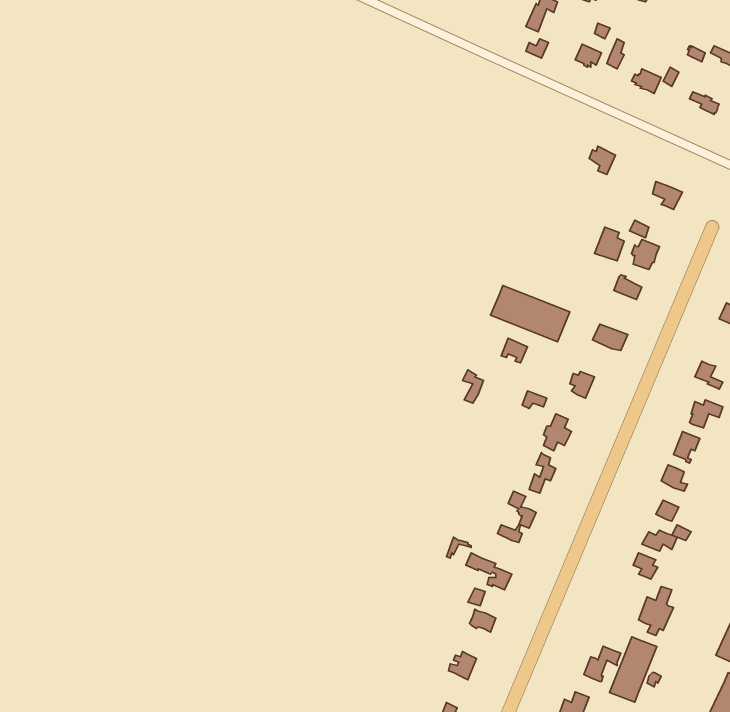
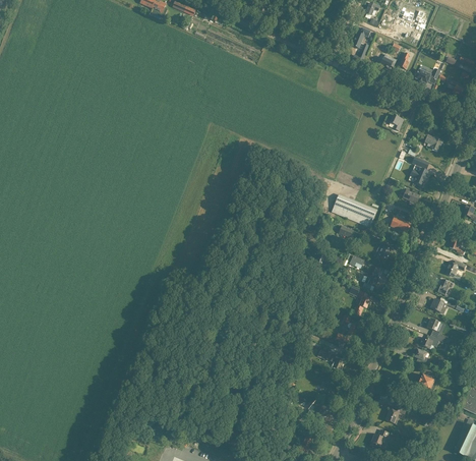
building: [610,637,657,702] -> none

